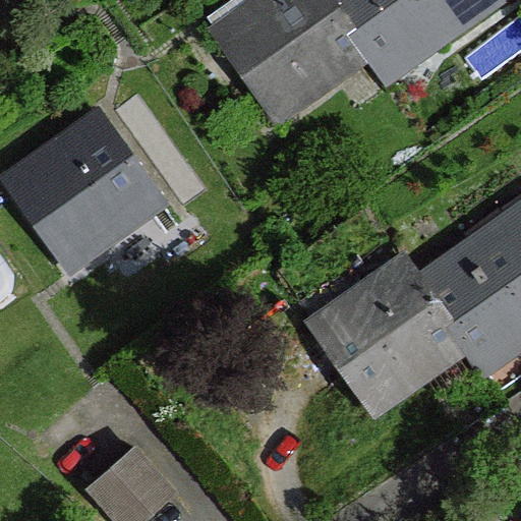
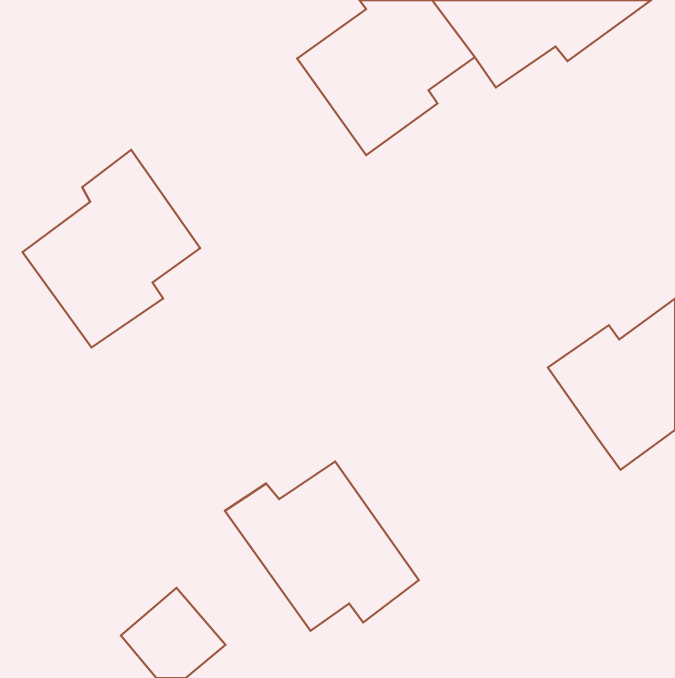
building: [324,262,459,412] -> none
building: none -> [225,462,419,631]

